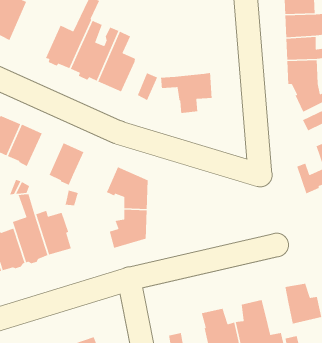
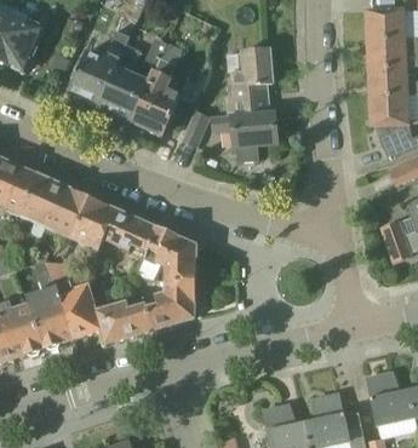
building: none -> [228,47,273,114]
building: none -> [46,185,91,237]
building: none -> [104,208,159,257]
building: none -> [96,295,154,343]

